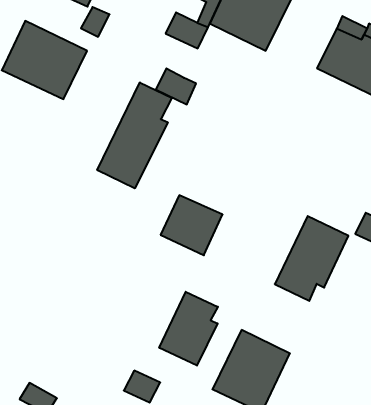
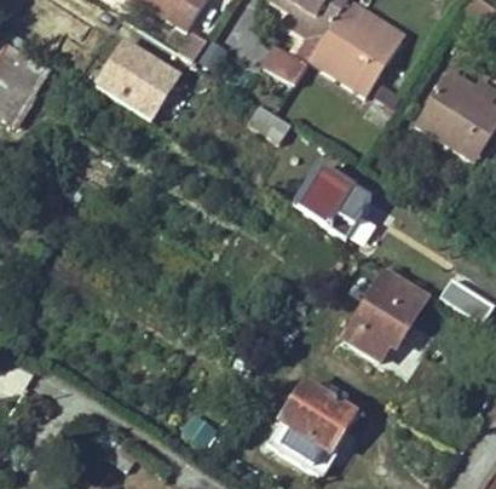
building: [97,82,172,188] -> none
building: [161,195,223,255] -> [305,173,371,238]
building: [159,292,218,366] -> none

